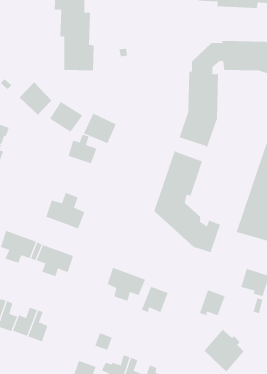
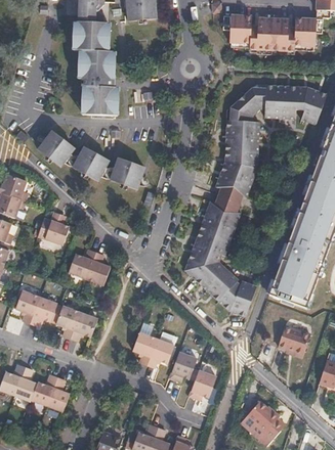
building: [68,134,97,164] -> [37,213,69,244]
building: none -> [210,192,238,215]
building: [199,289,226,316] -> [189,370,217,399]

